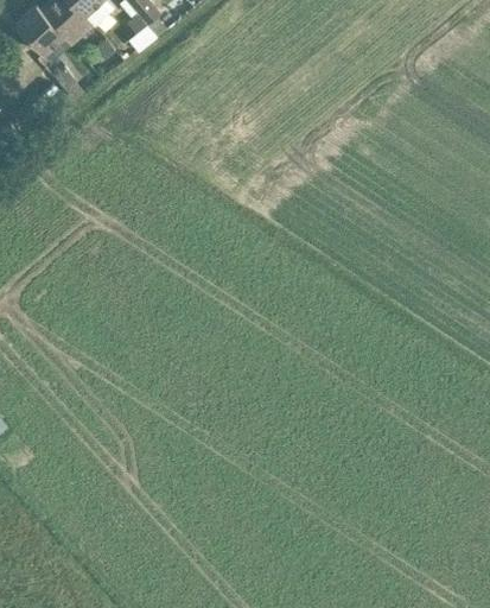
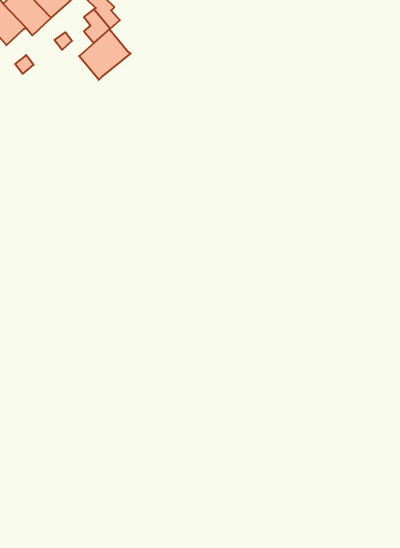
building: none -> [79,29,131,80]

